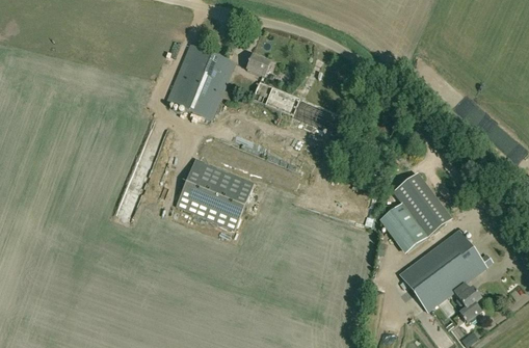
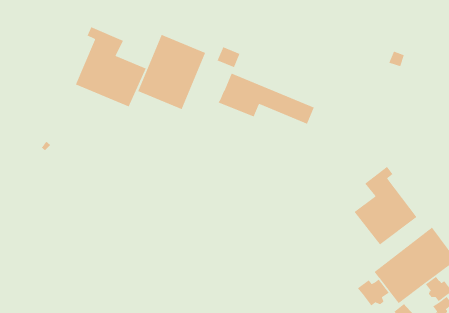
building: none -> [75,26,147,108]
building: [176,156,255,227] -> none
building: none -> [357,278,390,306]

